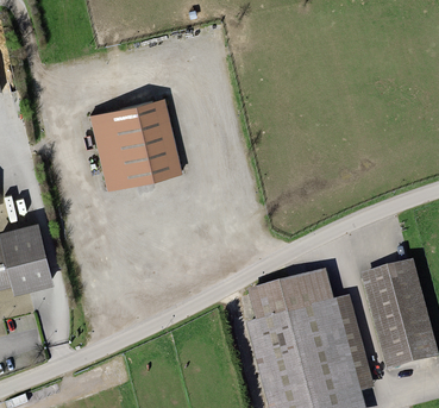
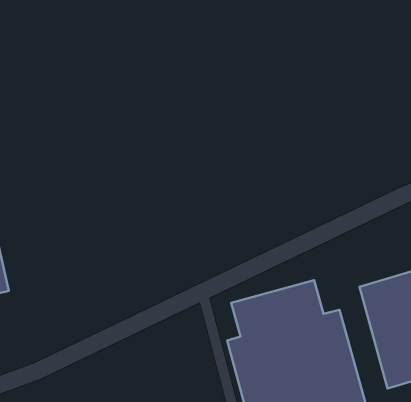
building: [94,93,186,182] -> none

